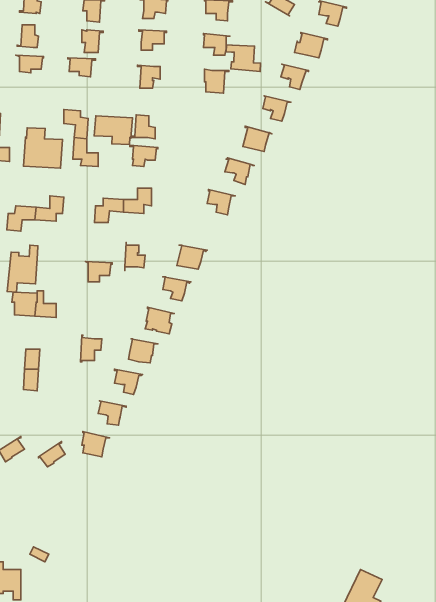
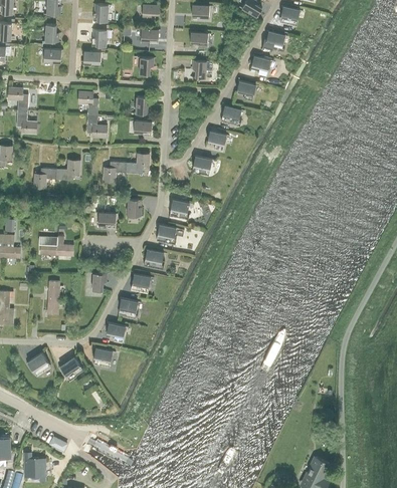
building: [226,45,261,72] -> none
building: [94,116,132,145] -> none
building: [24,128,63,168] -> none
building: [7,245,38,292] -> none

